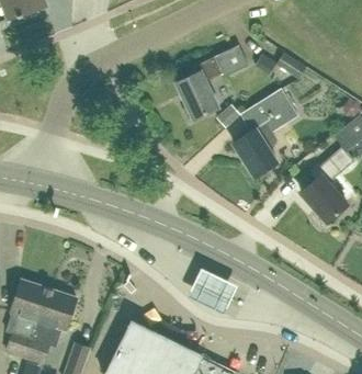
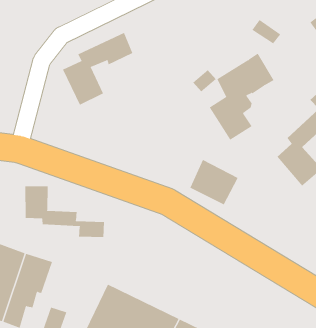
building: [176,45,247,118] -> [62,32,133,106]
building: none -> [25,185,104,238]
building: [188,267,237,313] -> [189,159,238,205]

